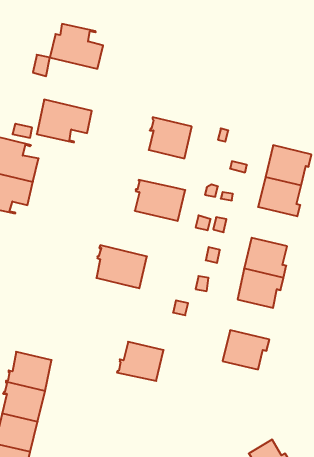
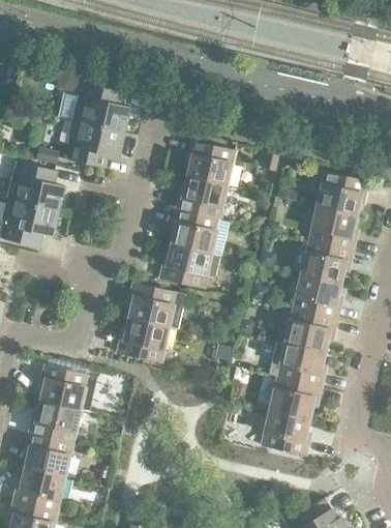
building: [50,24,103,69] -> [71,84,130,134]
building: none -> [176,177,227,219]
building: none -> [301,240,352,284]
building: none -> [158,244,219,289]
building: none -> [268,341,325,387]
building: none -> [40,365,97,412]
building: [117,342,164,381] -> [117,319,169,362]
building: none -> [262,411,308,456]

